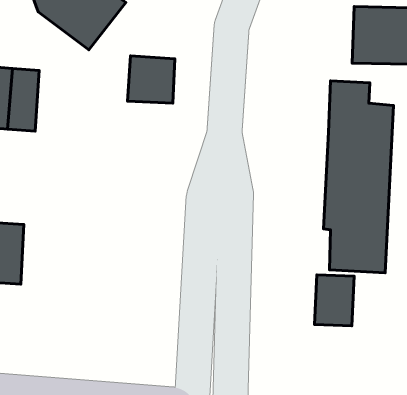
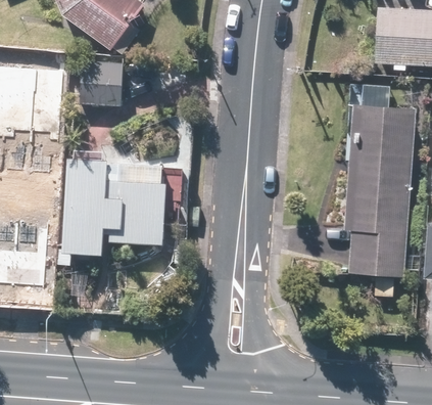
building: [127,56,175,103] -> [77,59,124,106]
building: none -> [63,157,167,256]
building: [314,275,354,326] -> none

